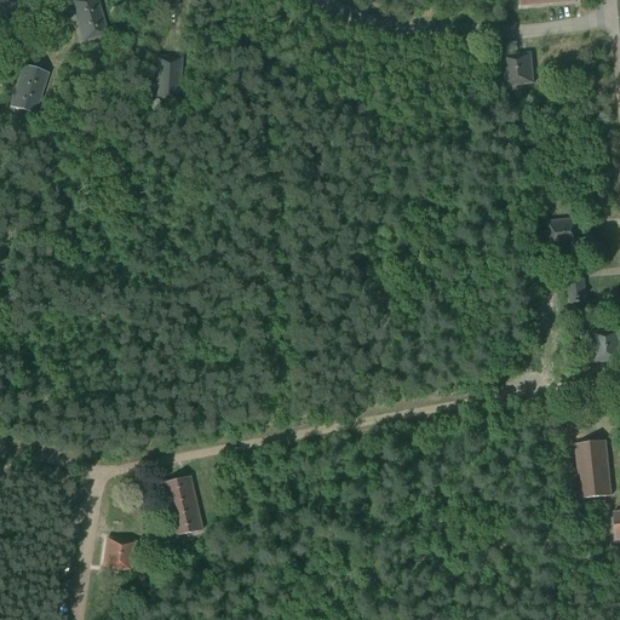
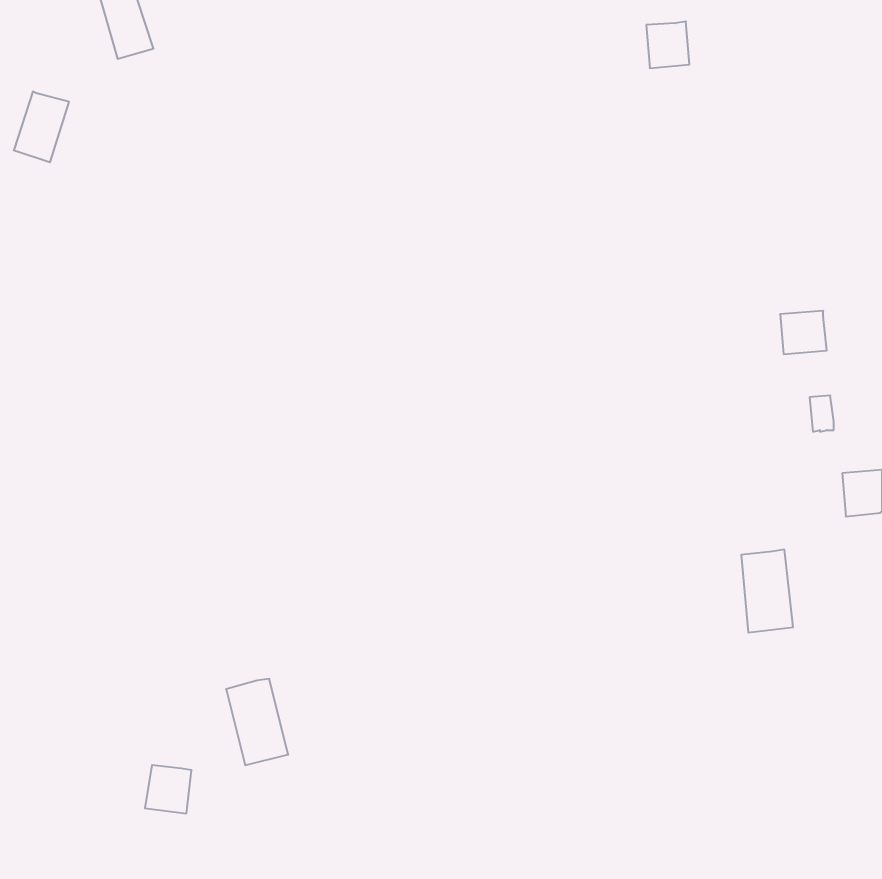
building: [503,52,533,85] -> [646,21,689,68]
building: [153,56,182,101] -> none
building: [575,440,612,498] -> [741,550,793,633]

